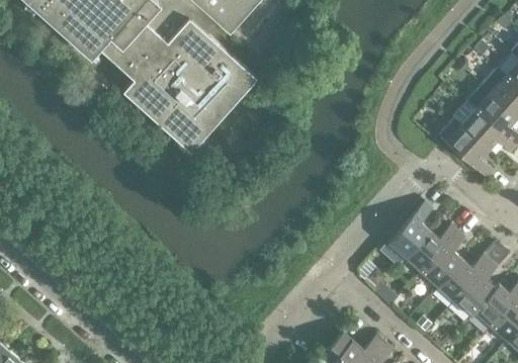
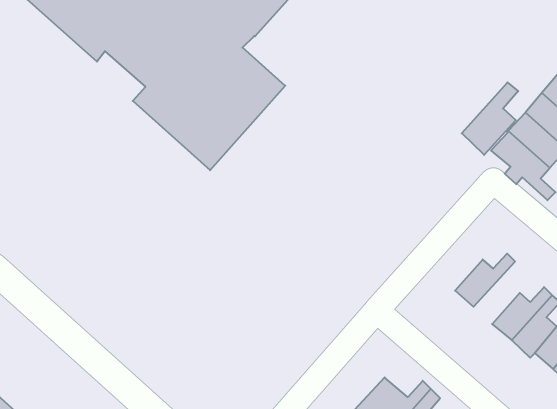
building: none -> [462,82,518,155]
building: [387,202,432,258] -> none
building: [421,233,464,287] -> none

